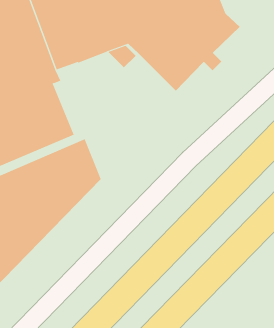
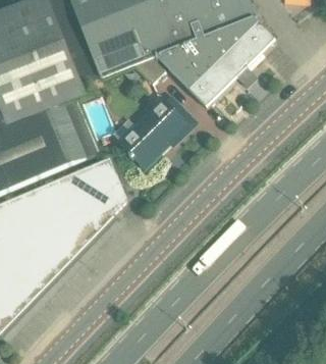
building: none -> [119,95,184,167]

